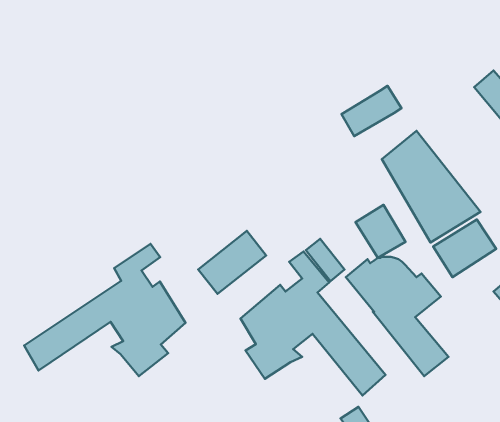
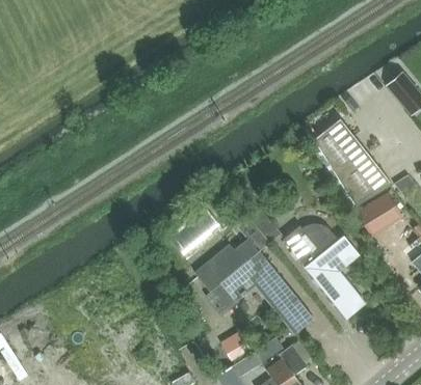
building: [342,86,402,136] -> none
building: [356,205,405,258] -> none
building: [24,244,185,376] -> none

